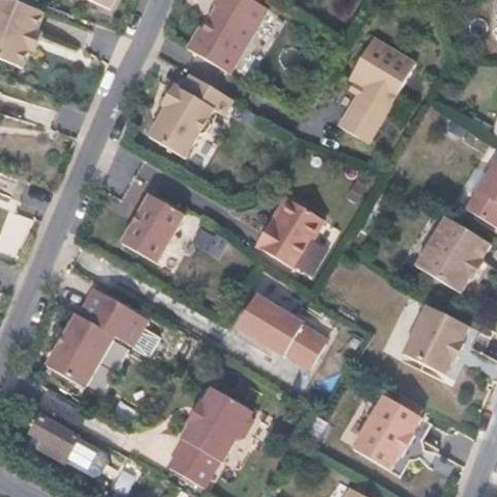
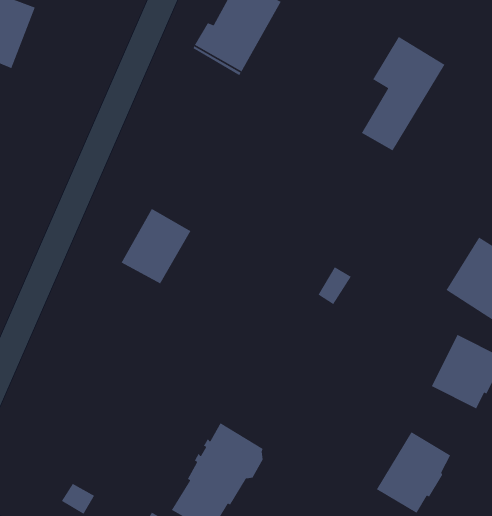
building: [147,76,230,160] -> none
building: [255,197,324,268] -> none
building: [46,286,147,386] -> none
building: [236,296,341,363] -> none
building: [33,416,79,461] -> none

